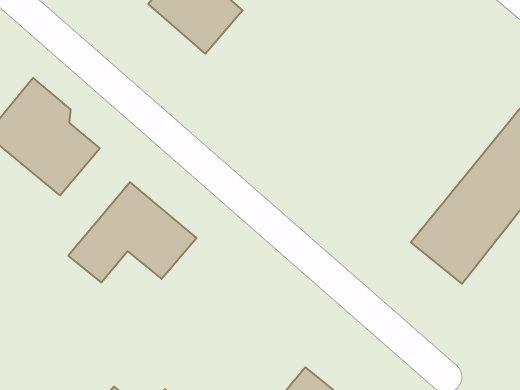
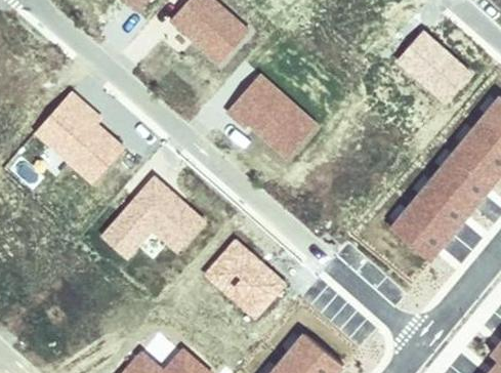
building: none -> [394,29,476,108]
building: none -> [226,72,325,165]
building: none -> [202,237,289,321]

